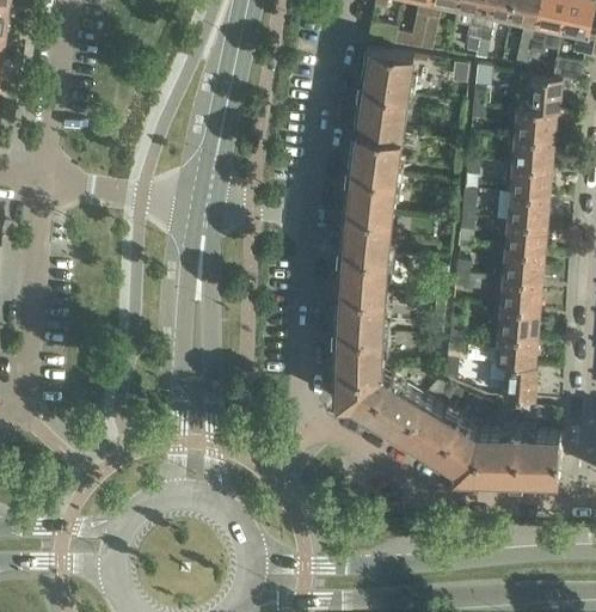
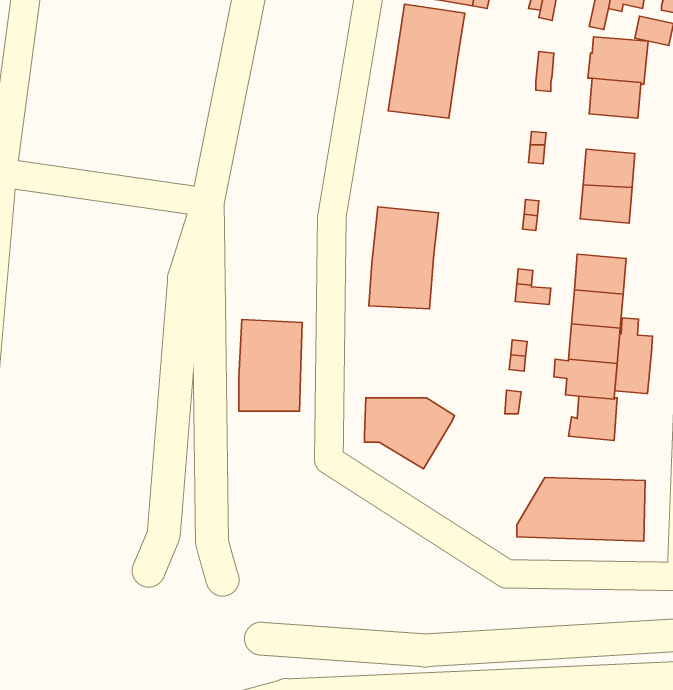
building: [343,140,400,222] -> none
building: [511,142,553,175] -> none
building: [504,227,546,259] -> none
building: [333,298,385,372] -> [239,320,302,411]
building: none -> [615,318,652,394]
building: [380,391,478,475] -> none

